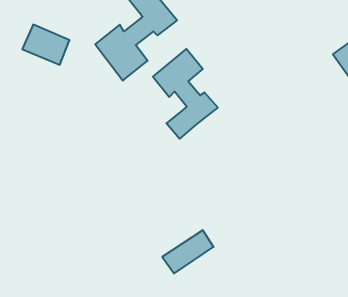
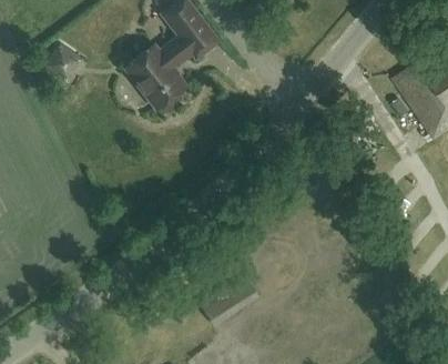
building: [153,49,218,139] -> none

